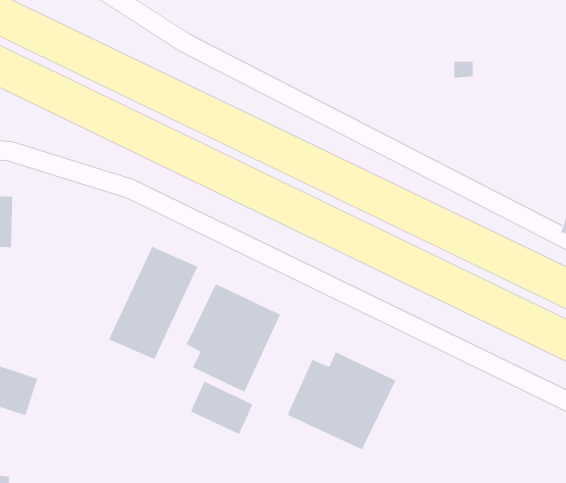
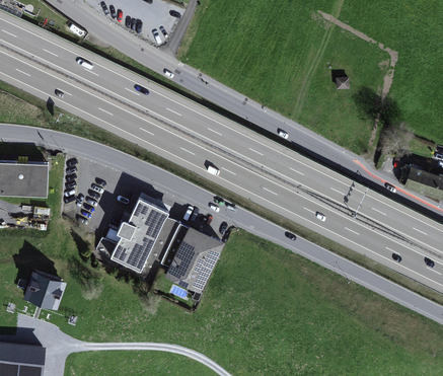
building: [287,352,396,450] -> none
building: [190,381,253,435] -> none

